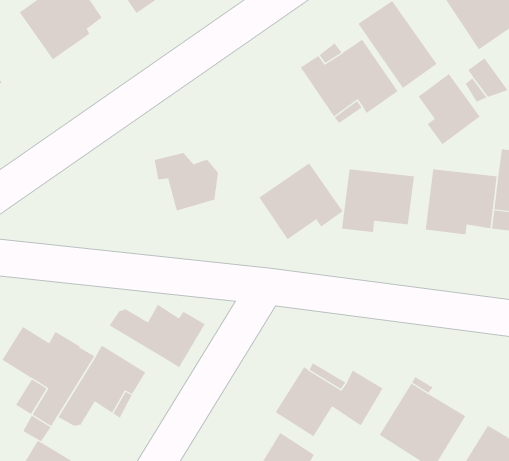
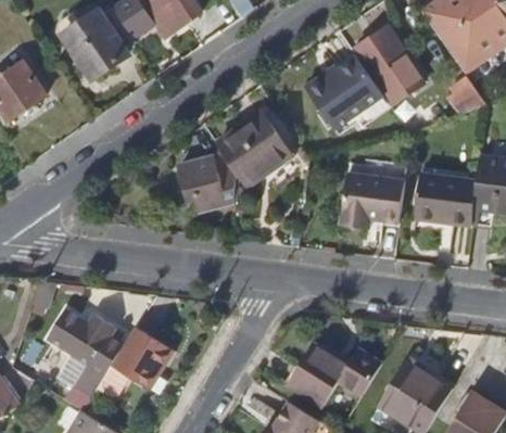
building: [418,73,481,145] -> none
building: [258,163,343,240] -> [216,112,290,179]
building: [109,304,205,368] -> none

